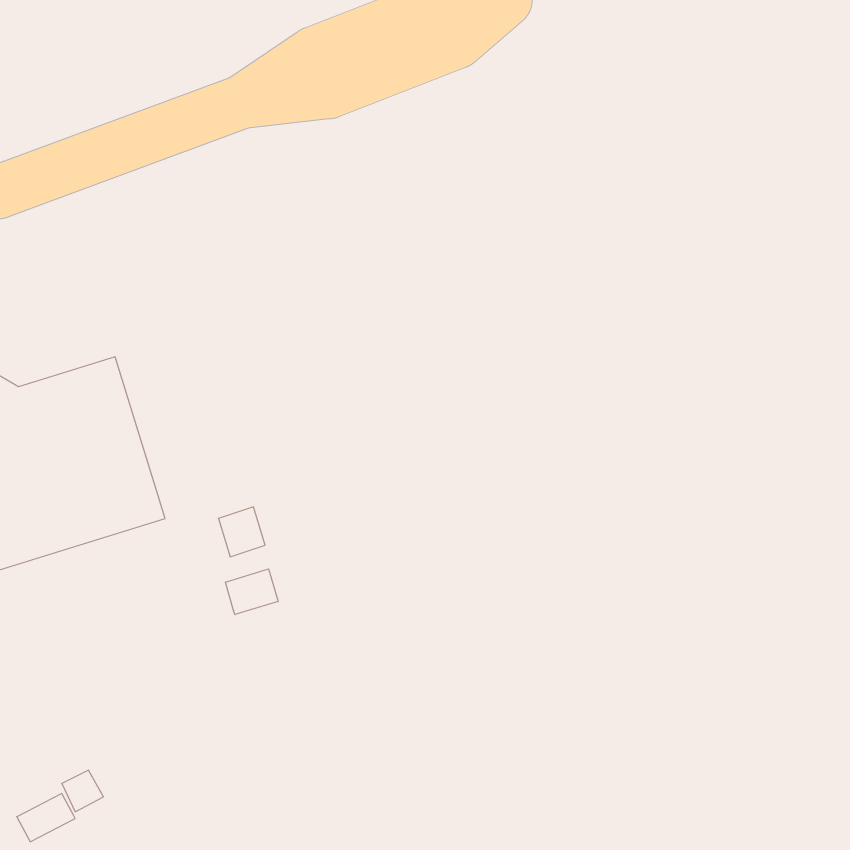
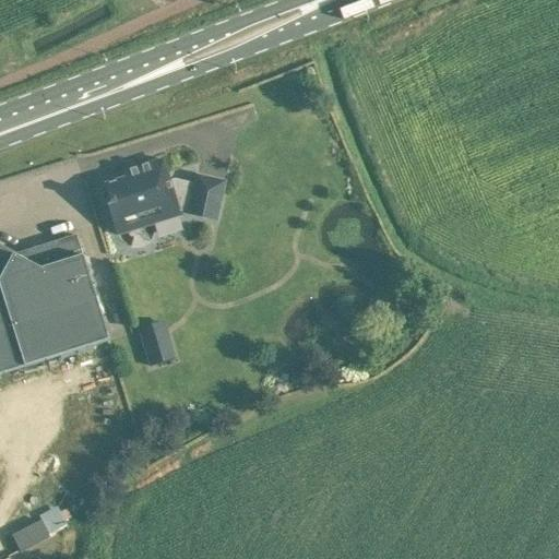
building: none -> [105,158,224,234]
building: [225,569,278,615] -> none

